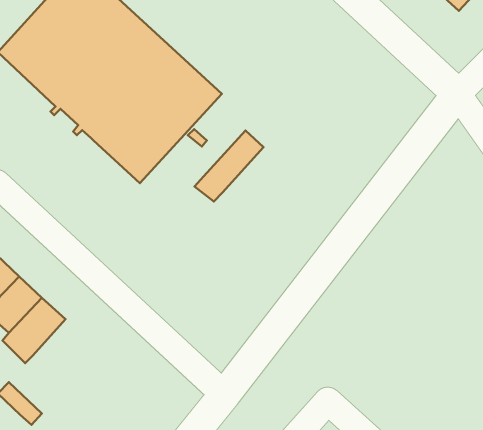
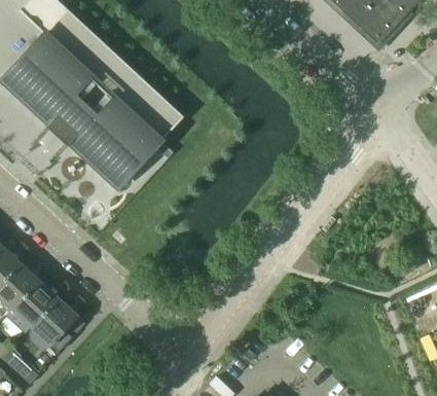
building: [194,131,264,202] -> none
building: none -> [30,299,76,353]

